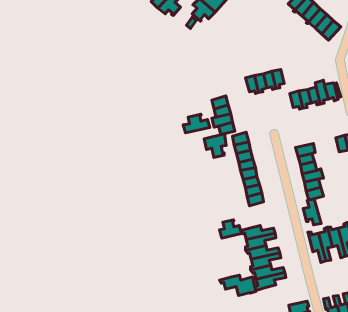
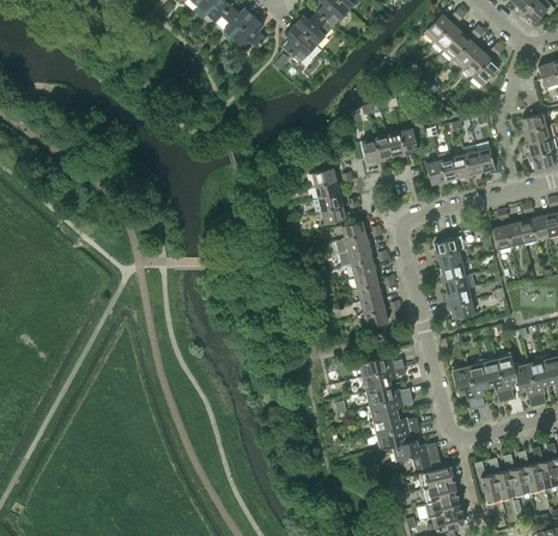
building: [183,114,210,133] -> none
building: [204,134,226,158] -> none
building: [303,199,321,225] -> none
building: [219,220,241,238] -> none
building: [220,275,256,296] -> [388,440,441,470]

